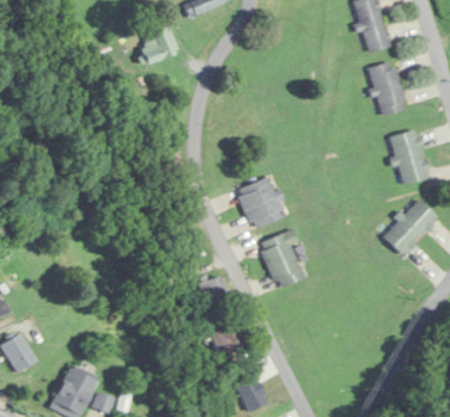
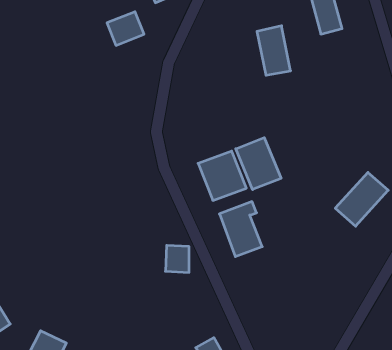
building: [369,60,405,113] -> [257,26,291,75]
building: [389,128,430,183] -> none
building: none -> [236,138,281,190]
building: [211,325,239,356] -> none

